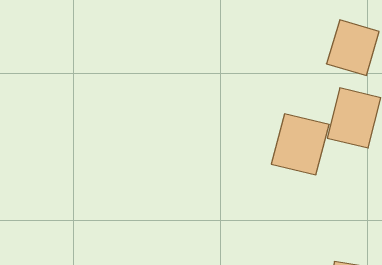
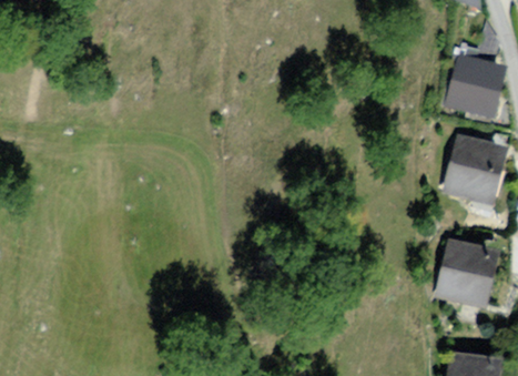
building: [271,114,329,175] -> [429,236,501,312]

